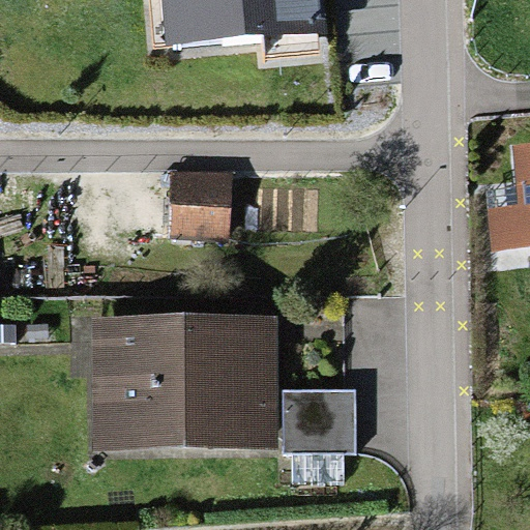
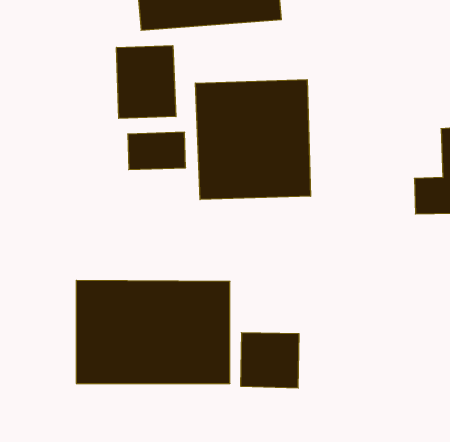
building: none -> [117,46,176,118]
building: none -> [195,80,311,200]

